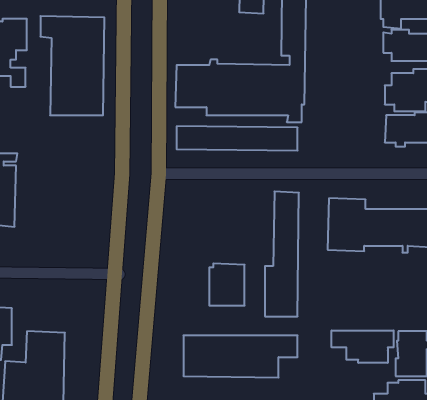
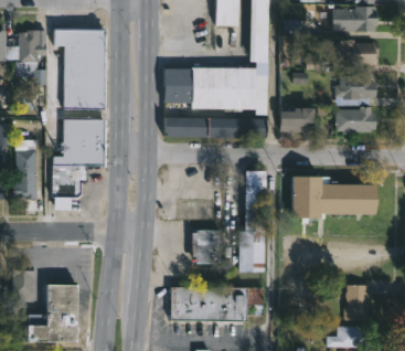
building: none -> [280,105,330,132]
building: none -> [53,118,106,205]
building: [332,330,394,363] -> none

